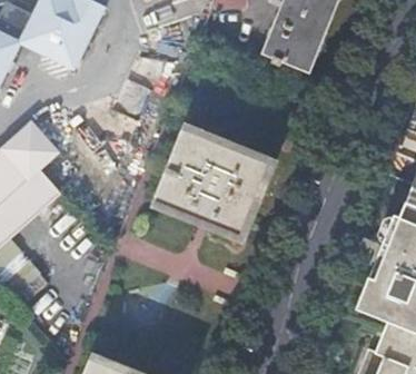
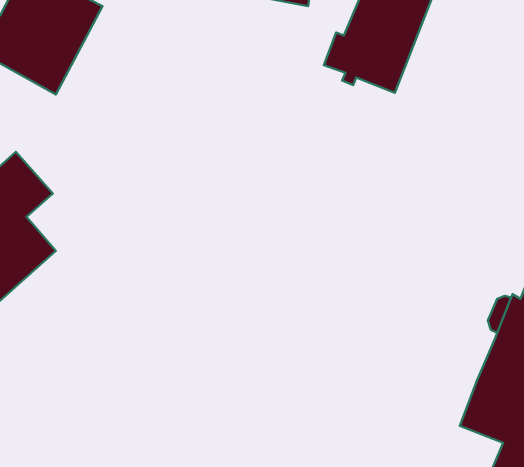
building: [156,126,276,238] -> none

